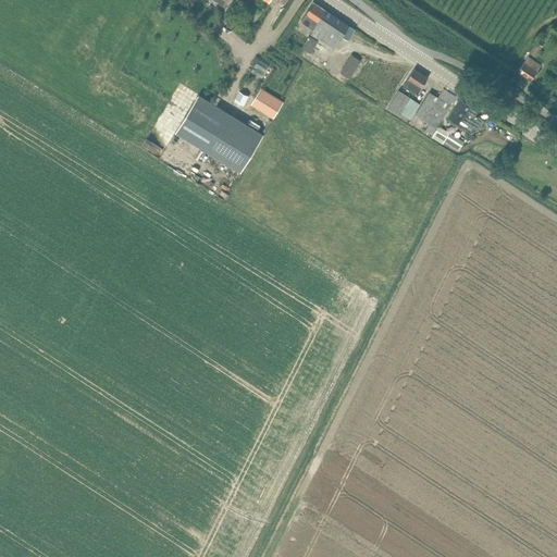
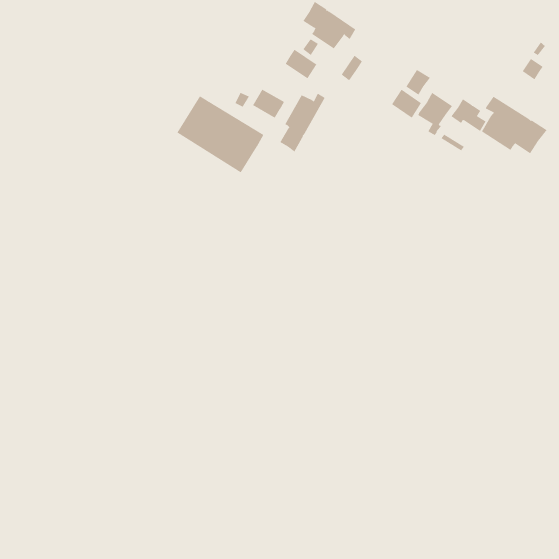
building: none -> [285,49,317,79]
building: none -> [280,93,325,152]
building: none -> [481,96,547,154]

